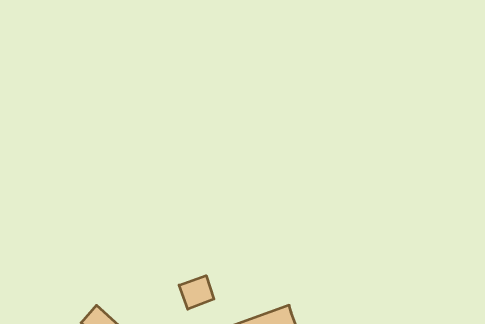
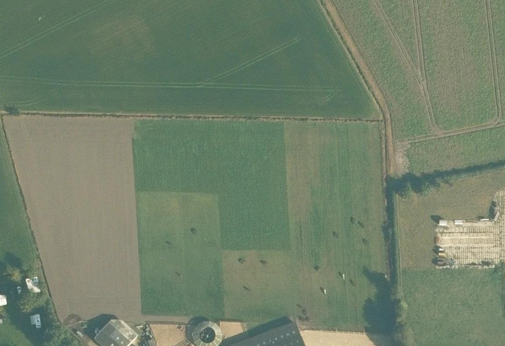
building: [179,276,214,309] -> none

